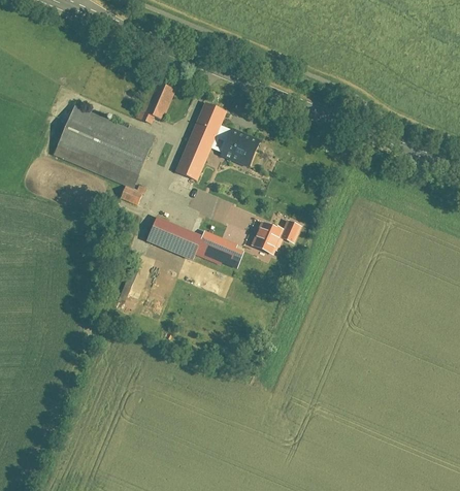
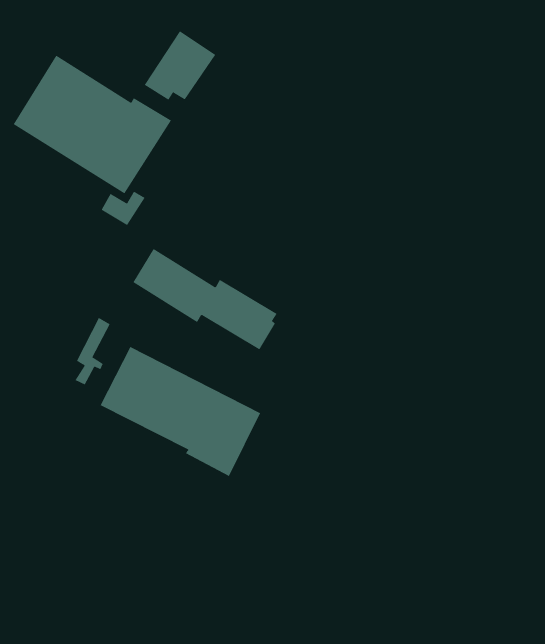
building: [171,97,262,181] -> none
building: [252,220,303,254] -> none
building: none -> [100,346,261,477]

